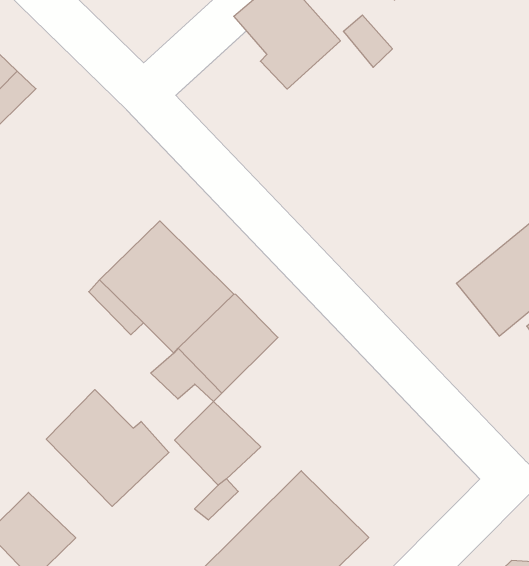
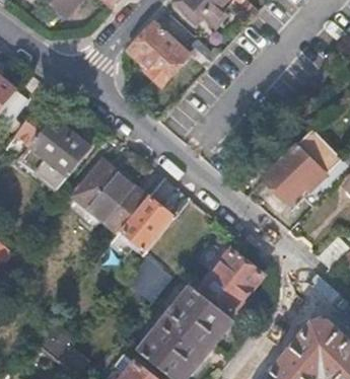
building: none -> [17,105,90,185]
building: [46,390,169,506] -> none
building: none -> [202,249,263,310]

